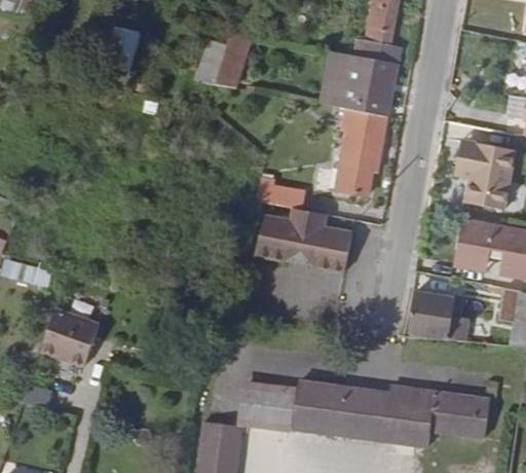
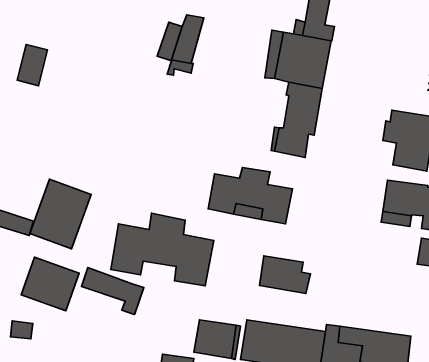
building: [108,23,143,70] -> [17,44,48,86]
building: [255,177,296,206] -> none
building: none -> [30,179,91,249]
building: none -> [111,213,214,286]
building: [409,293,467,336] -> [259,256,310,294]
building: none -> [82,267,144,315]

